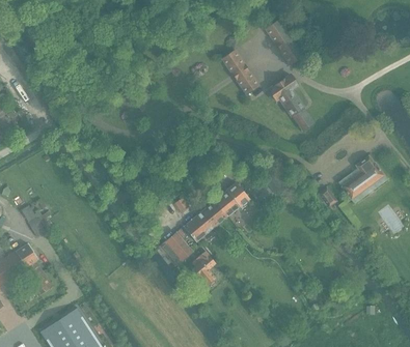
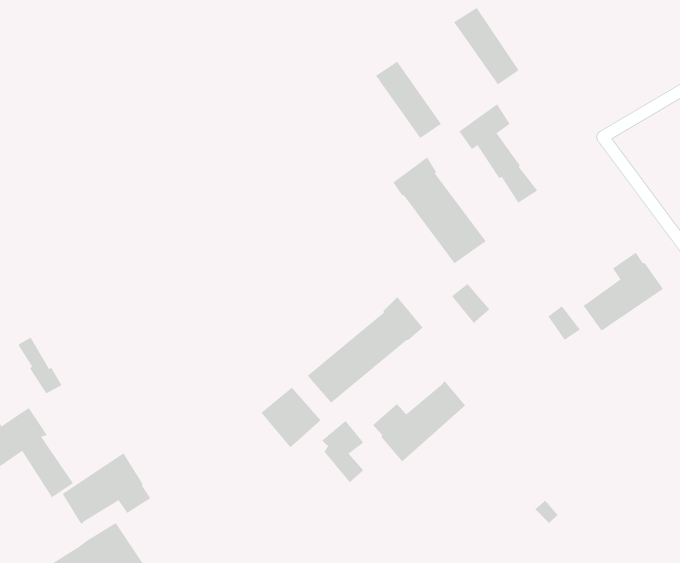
building: none -> [392,156,487,264]
building: none -> [372,380,466,462]
building: none -> [62,452,151,525]

